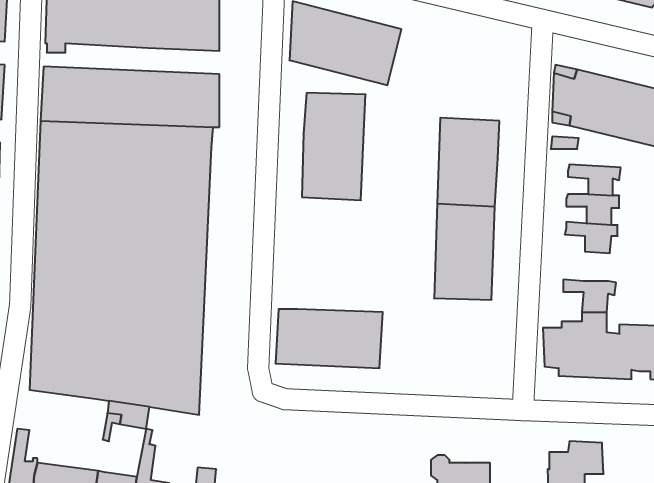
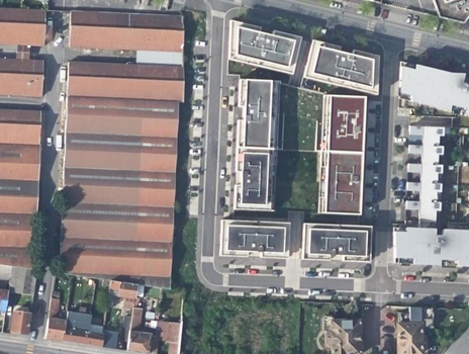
building: none -> [303,39,378,94]
building: none -> [136,50,183,67]
building: none -> [233,147,275,210]
building: none -> [406,182,441,201]
building: none -> [302,223,371,261]

